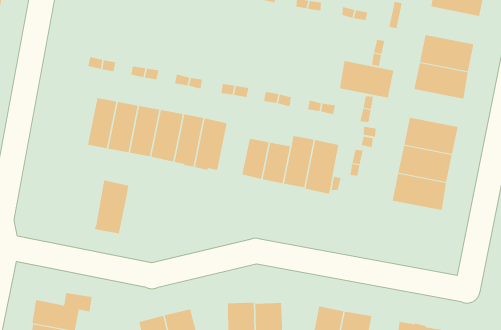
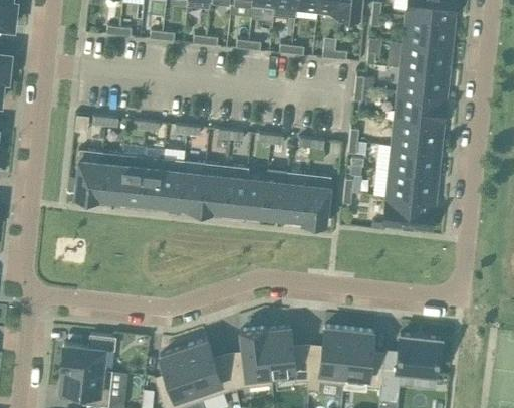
building: none -> [401,43,450,74]
building: [339,61,394,98] -> [393,121,442,152]
building: none -> [221,167,248,213]
building: [94,180,129,234] -> [74,151,103,199]

